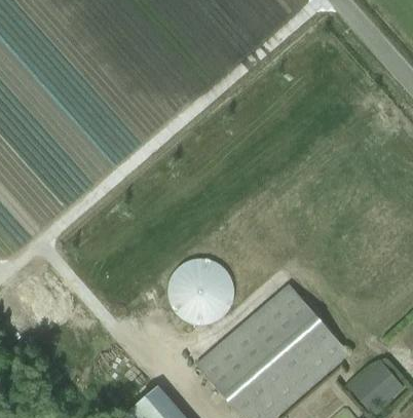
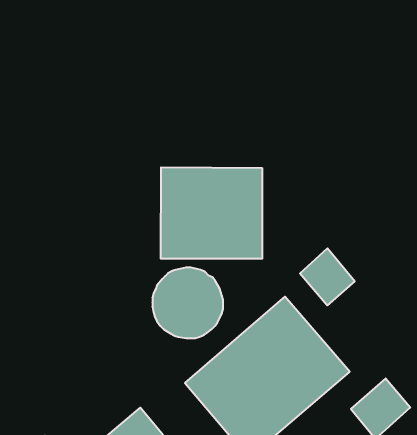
building: none -> [161,167,262,259]
building: none -> [300,248,355,305]

